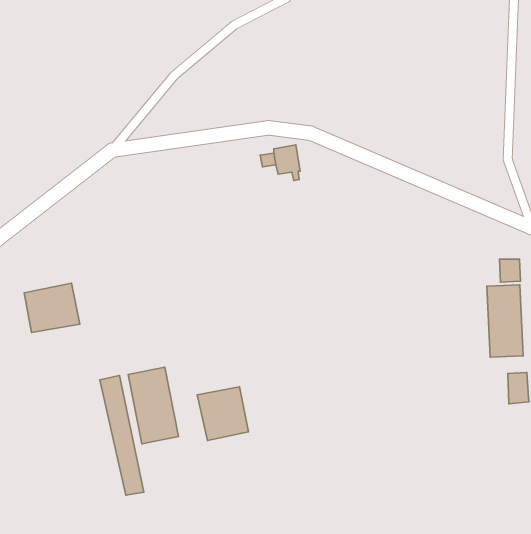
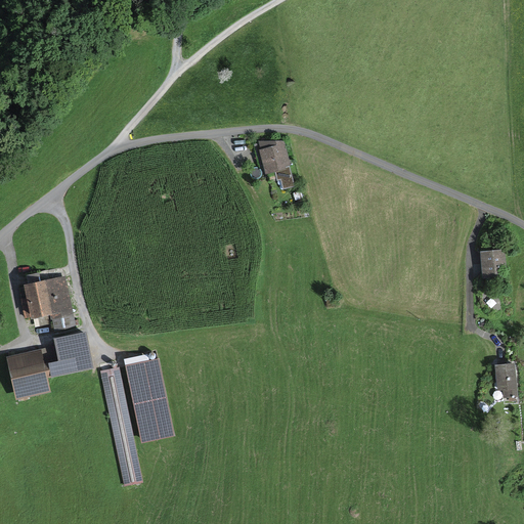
building: [487,285,523,357] -> none
building: none -> [4,331,88,397]
building: [197,387,248,440] -> none

